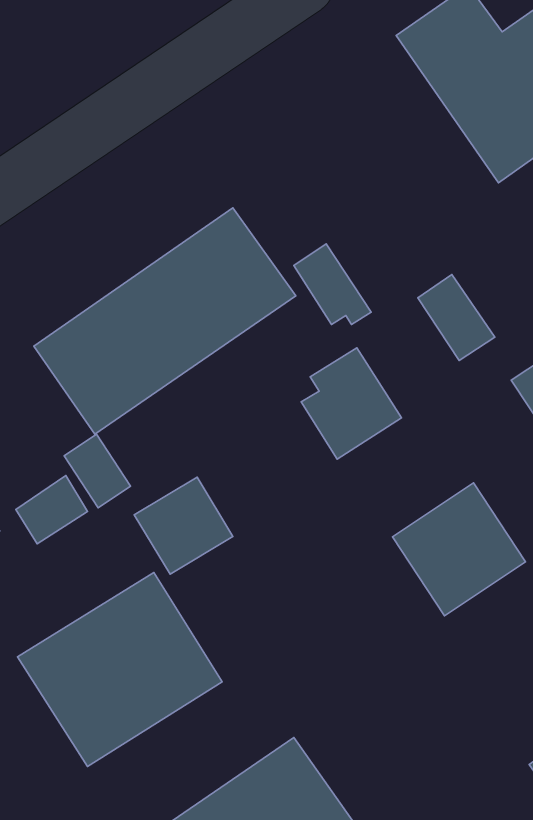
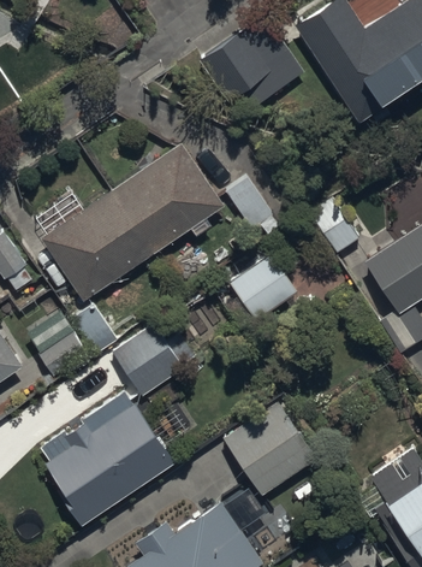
building: none -> [197,19,301,108]
building: [393,483,525,616] -> [225,406,314,495]

